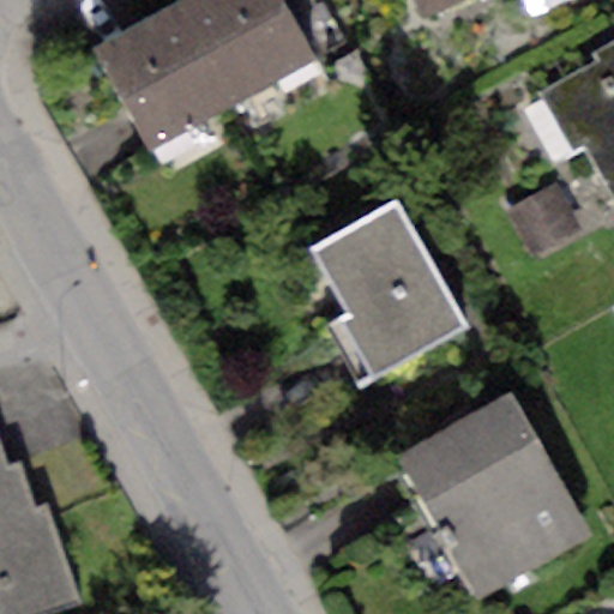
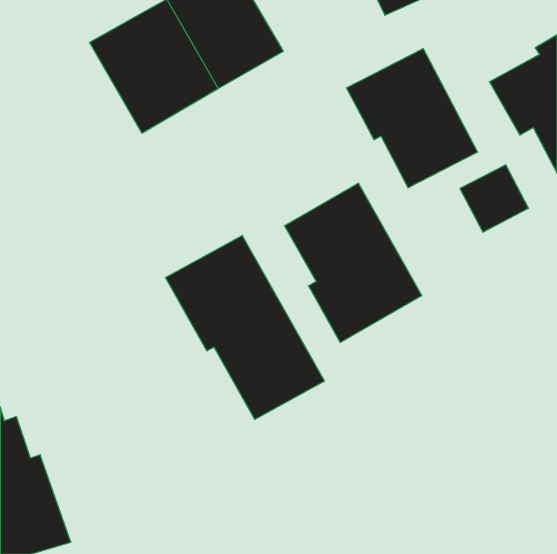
building: none -> [347,48,477,188]
building: none -> [165,235,324,420]
building: [401,393,592,598] -> none

